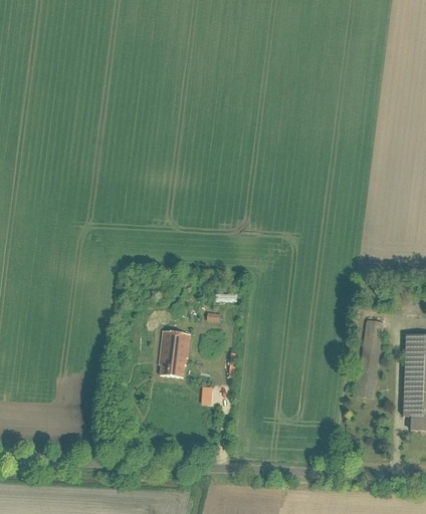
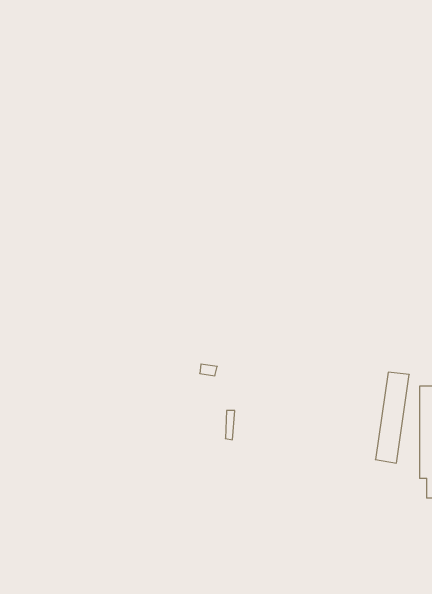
building: [156,329,189,375] -> none

